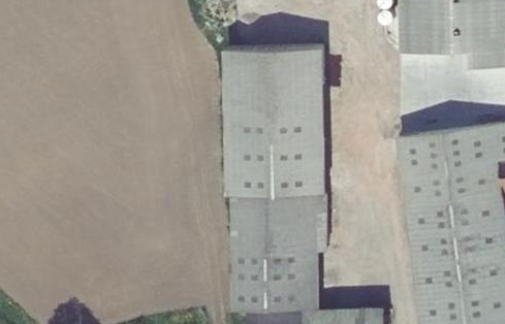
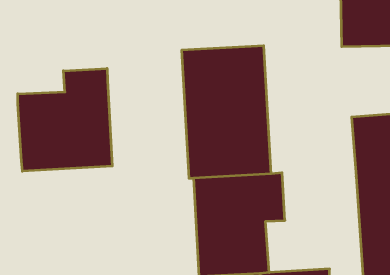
building: none -> [18,68,112,171]

